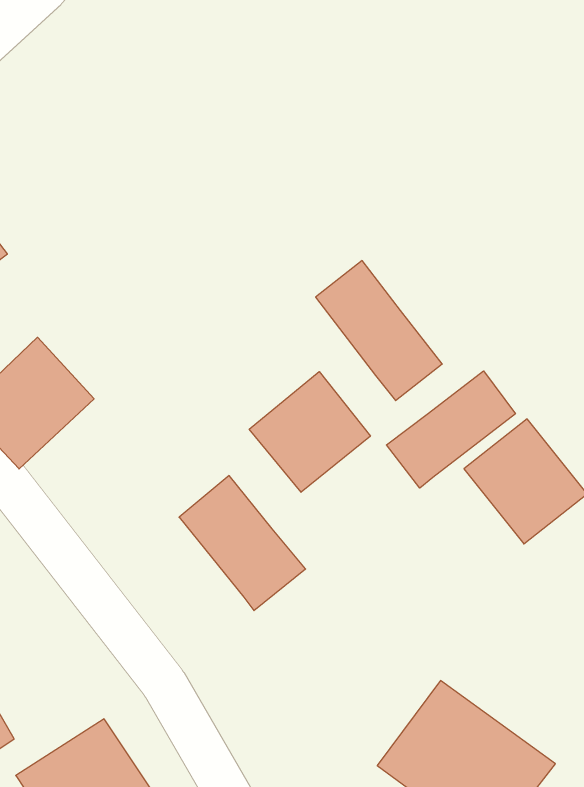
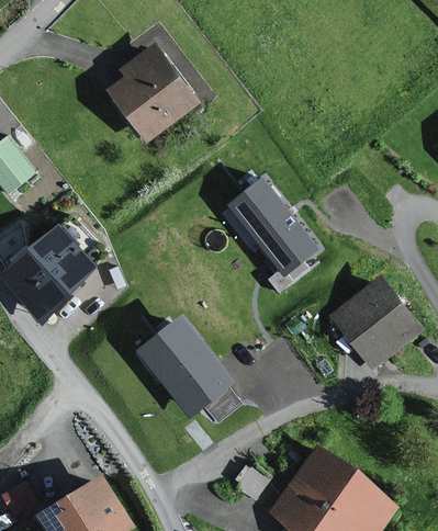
building: none -> [104,41,203,143]
building: [386,371,515,488] -> none
building: [249,372,370,492] -> none

